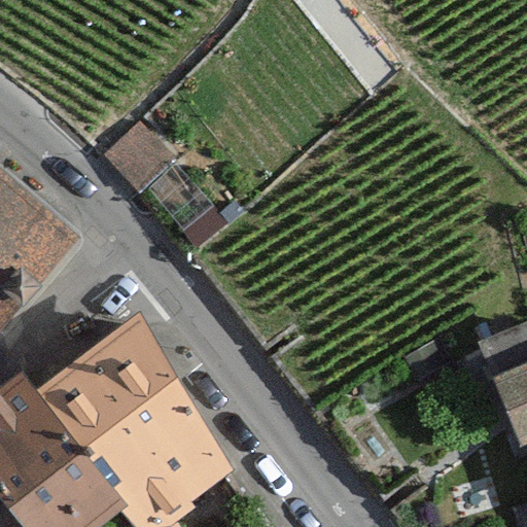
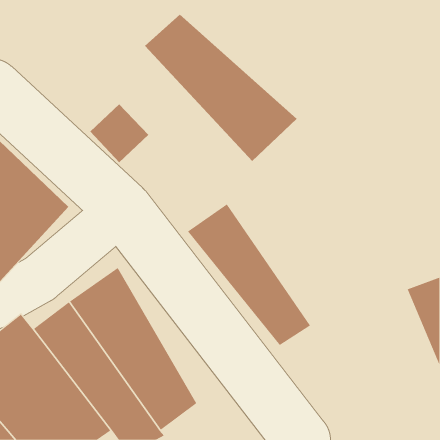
building: none -> [144,14,298,162]
building: none -> [187,204,311,346]

